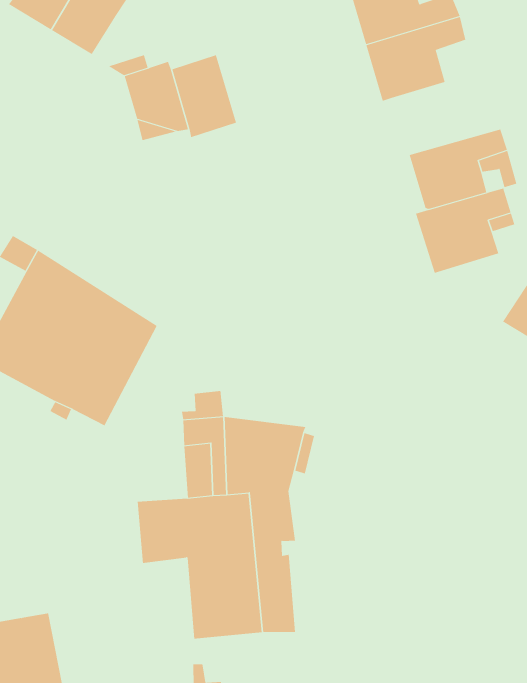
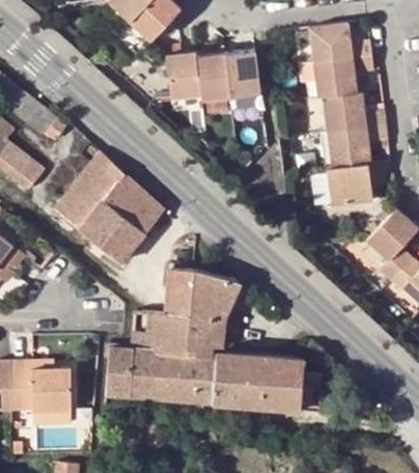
building: none -> [225,52,261,98]
building: none -> [325,94,386,134]
building: none -> [214,353,320,413]
building: none -> [105,346,157,398]

